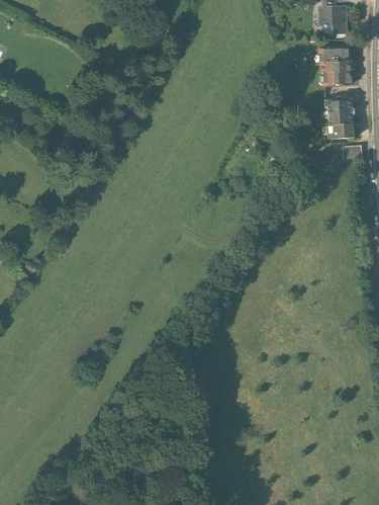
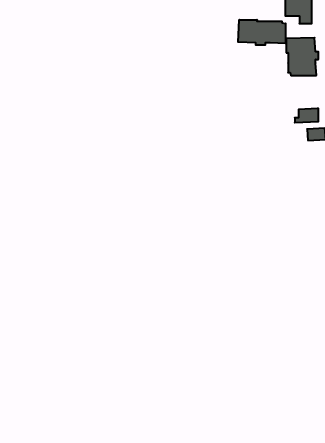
building: none -> [238,20,286,45]
building: [326,97,352,124] -> none

